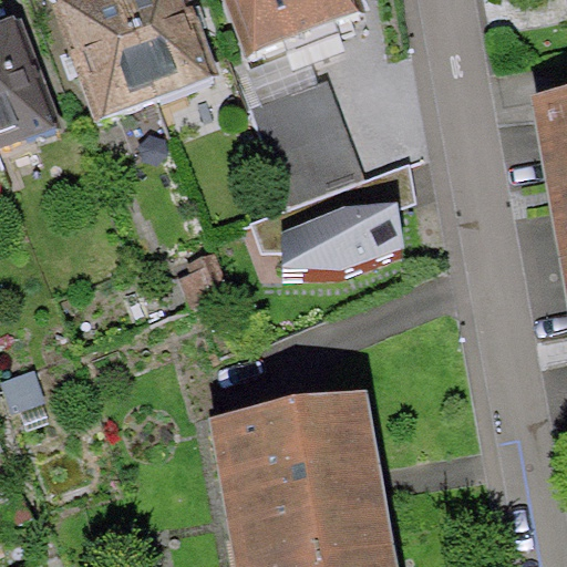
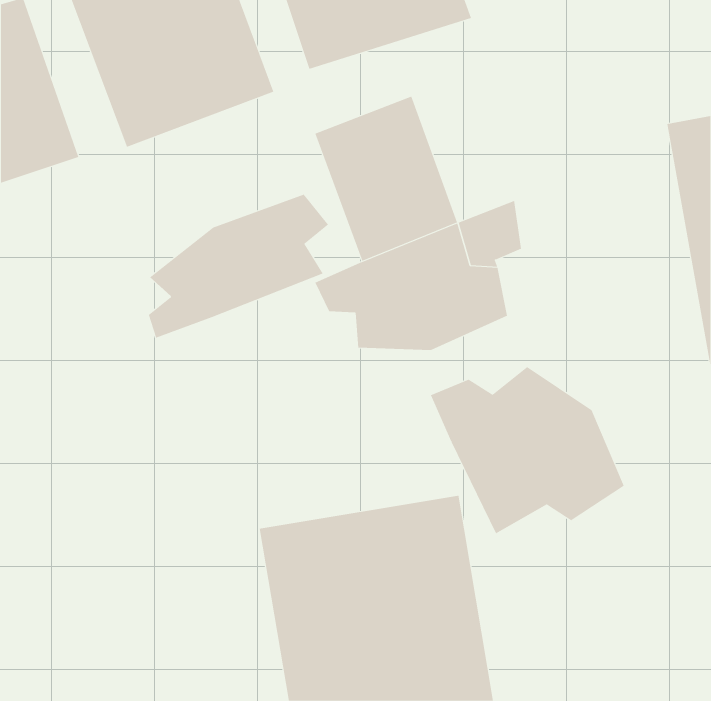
building: none -> [148,194,329,339]
building: none -> [430,366,625,534]

